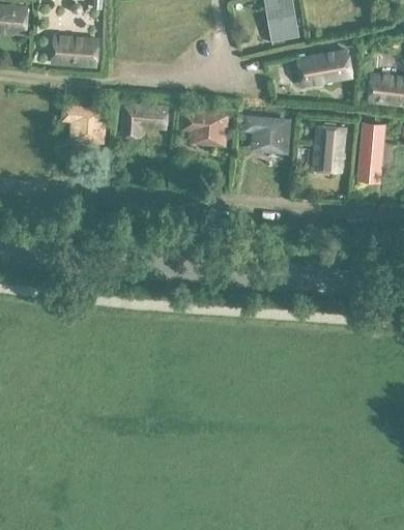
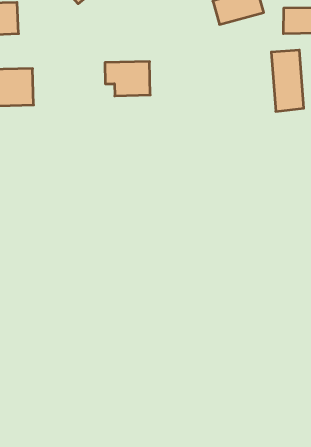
building: [119,102,169,138] -> none
building: [243,115,291,155] -> none
building: [307,122,350,169] -> none

